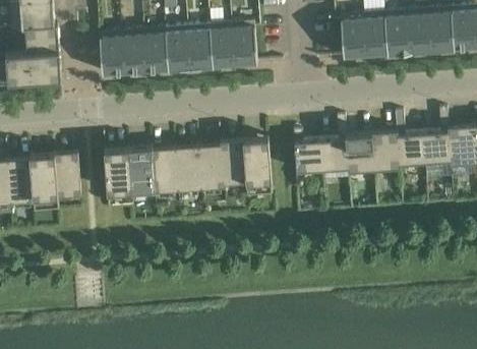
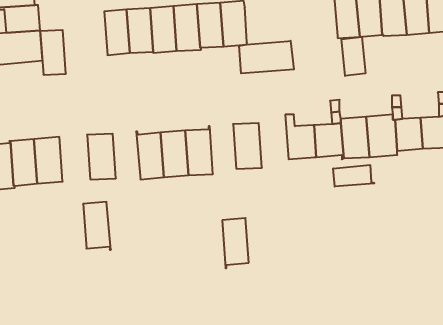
building: [99,33,123,75] -> [40,30,66,75]
building: none -> [342,37,365,76]
building: none -> [239,41,294,73]
building: [221,140,246,188] -> [222,218,249,268]
building: [128,148,155,193] -> [83,202,111,250]
building: none -> [333,165,374,187]

